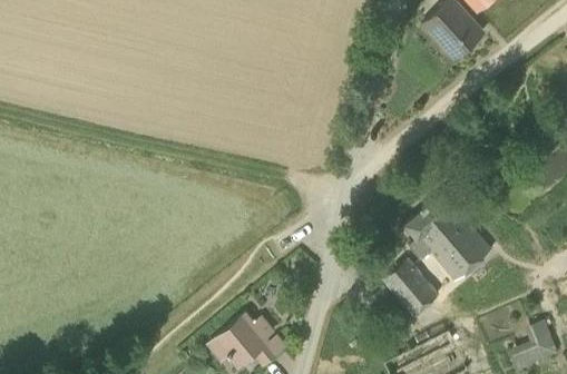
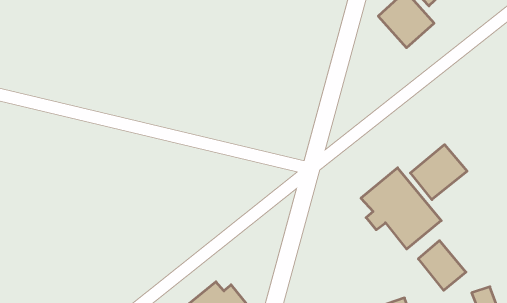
building: none -> [410,145,467,200]
building: [384,259,437,314] -> [418,241,466,290]

